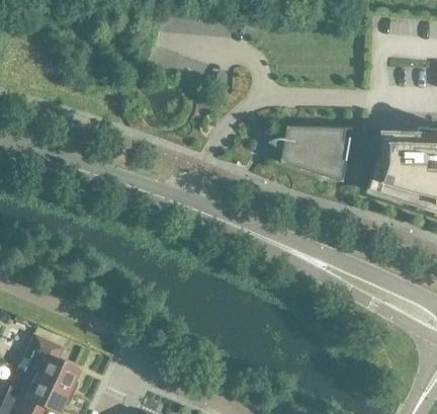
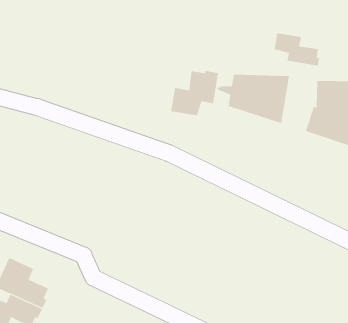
building: none -> [274,32,320,66]
building: none -> [170,70,219,116]

